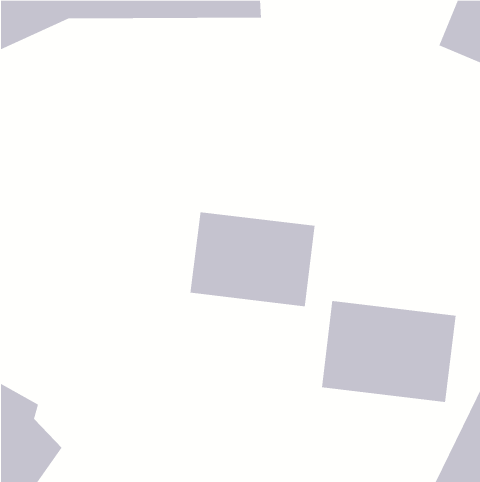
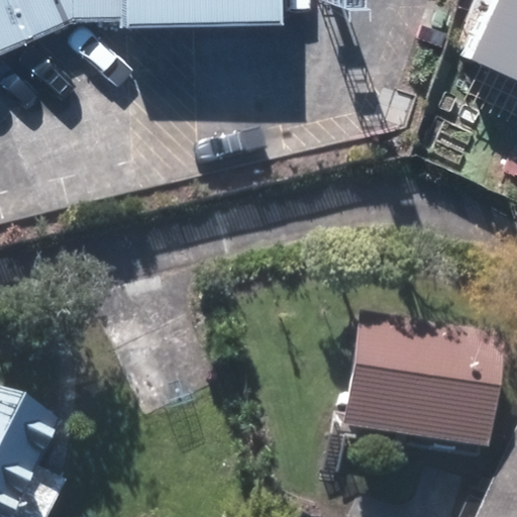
building: [190,211,315,307] -> none

